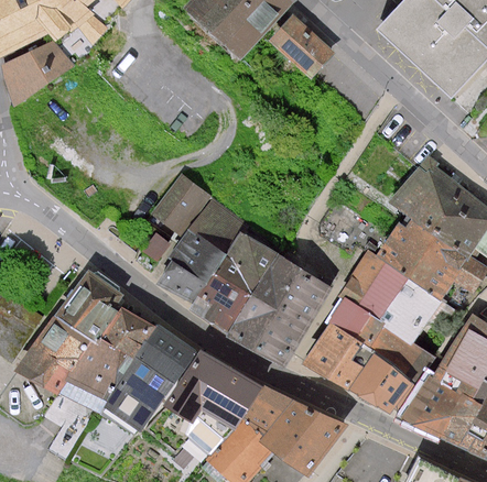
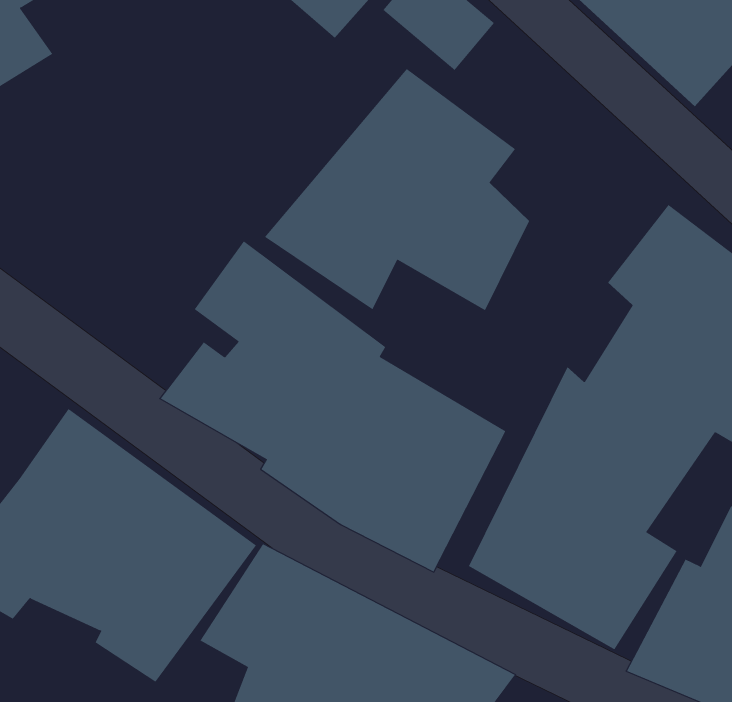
building: none -> [264,68,530,311]

